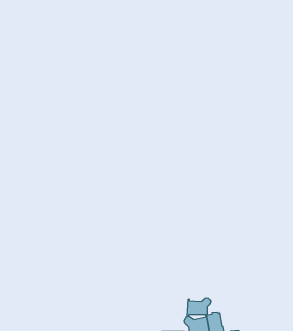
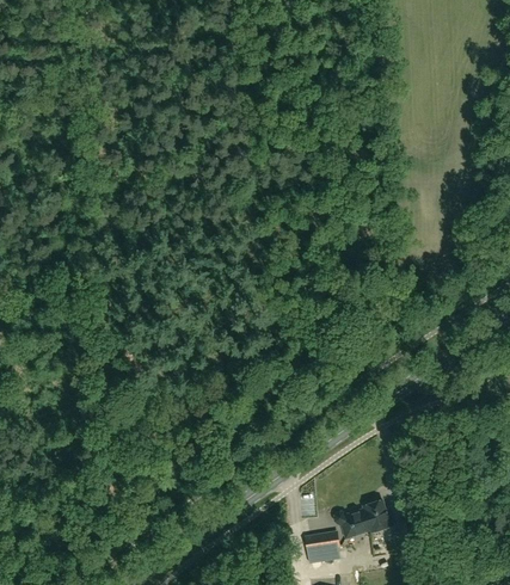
building: [187,298,211,317] -> none

